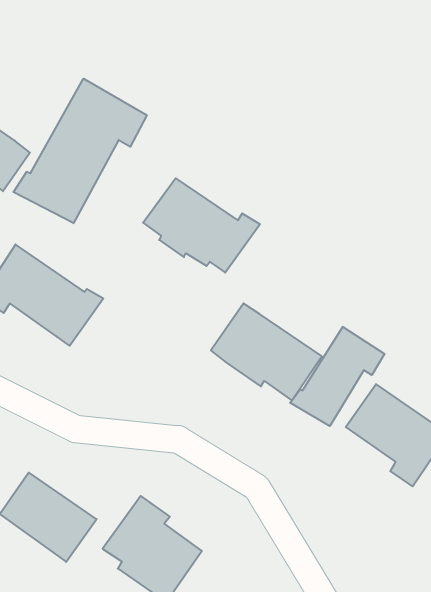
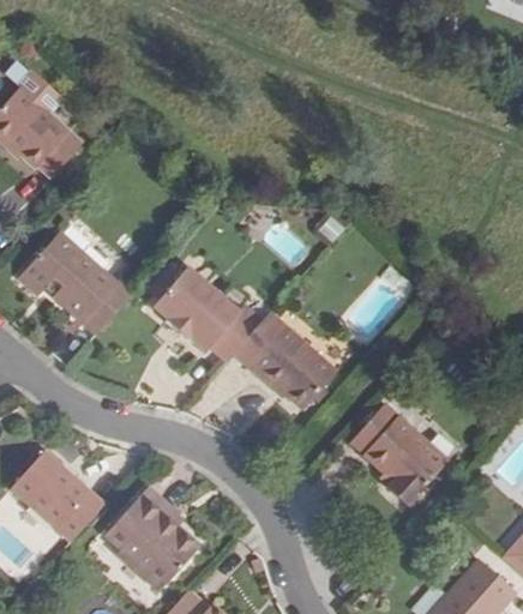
building: [13,79,147,223] -> none
building: [143,178,260,273] -> [154,264,264,359]
building: [290,327,384,426] -> none

